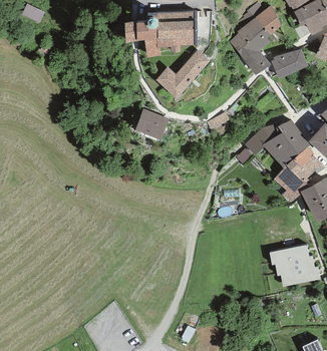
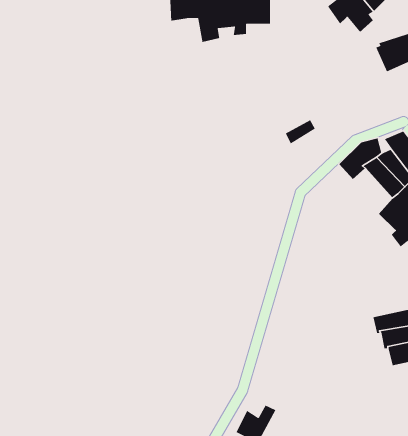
building: [229,33,271,74] -> none
building: [155,49,210,98] -> none
building: [134,108,170,139] -> none

